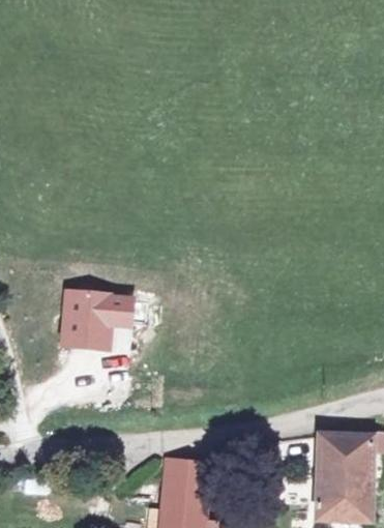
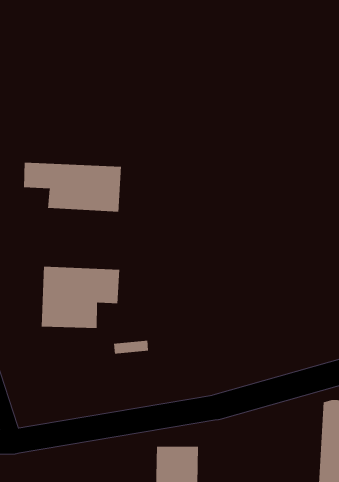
building: none -> [24,162,121,212]

